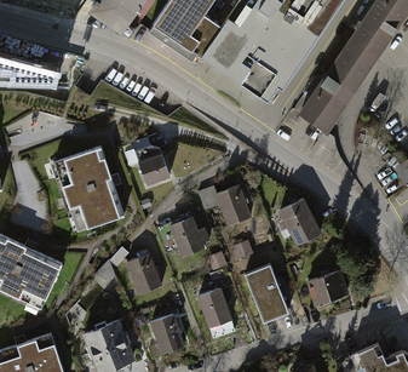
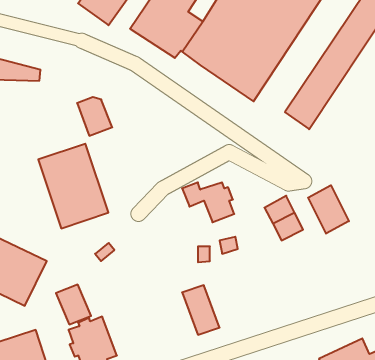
building: [134,145,169,184] -> [77,97,112,136]
building: none -> [308,185,349,234]
building: [156,213,208,256] -> none
building: [126,253,161,293] -> [56,285,91,324]
building: [243,263,285,313] -> none
building: [306,270,346,304] -> none
building: [150,314,183,354] -> none

